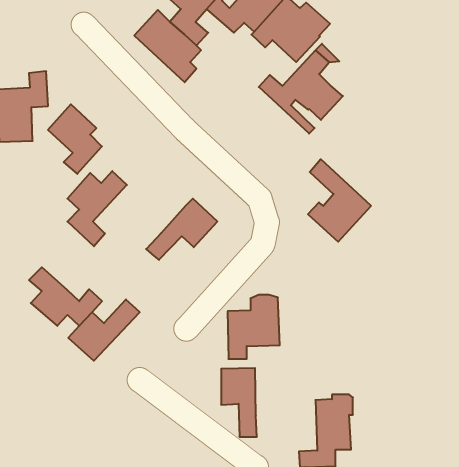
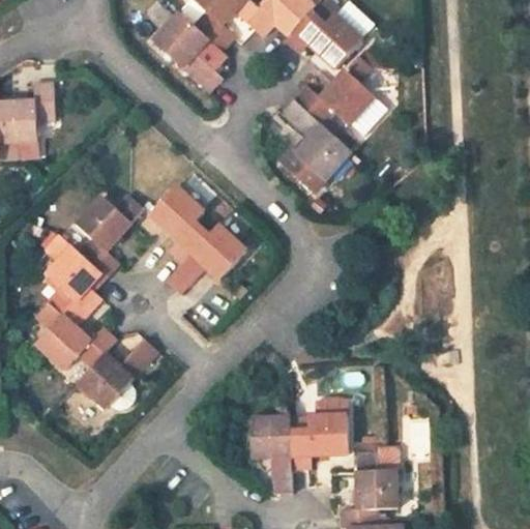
building: [48,104,102,174] -> [149,185,210,264]
building: [308,159,371,242] -> [278,98,350,192]
building: none -> [45,234,107,328]
building: [228,295,280,359] -> [289,398,348,470]

